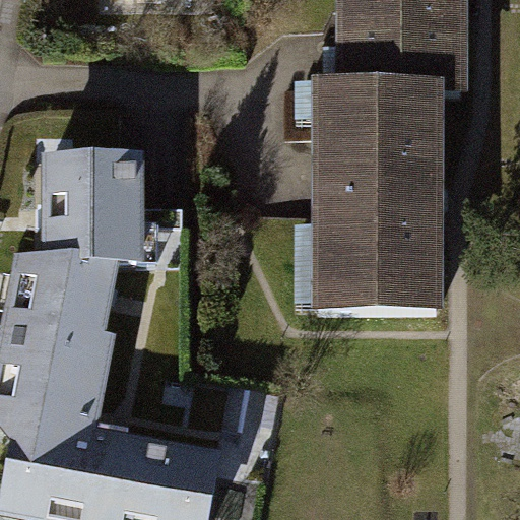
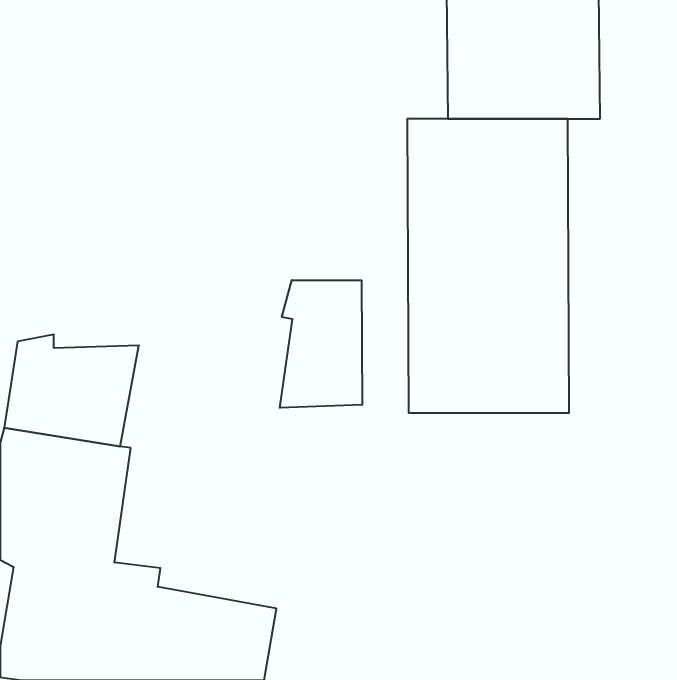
building: [47,157,138,262] -> none
building: none -> [280,280,362,408]

